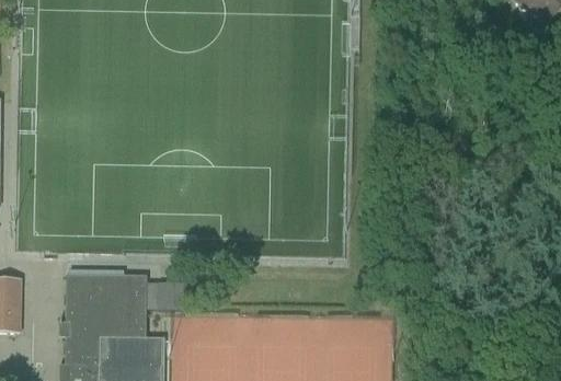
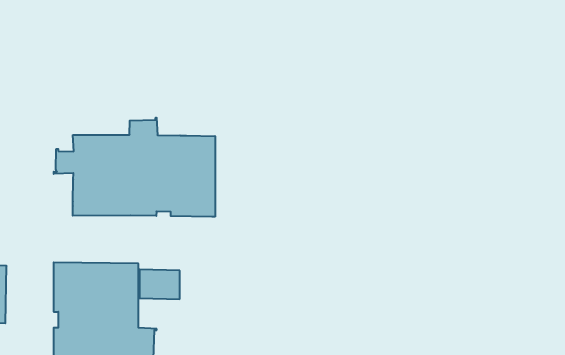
building: none -> [54,118,215,217]

